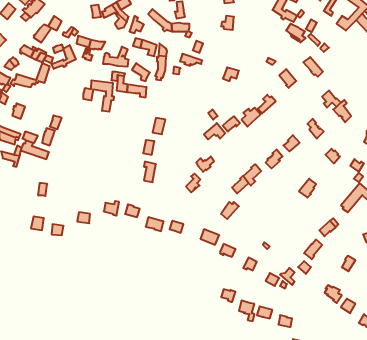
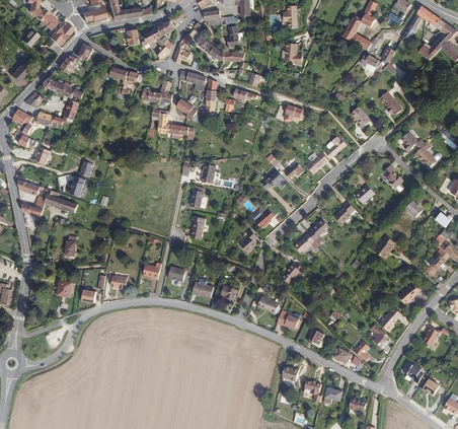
building: [52,44,76,69] -> none
building: [83,80,114,112] -> none

